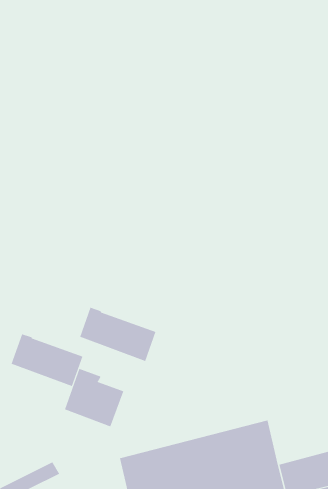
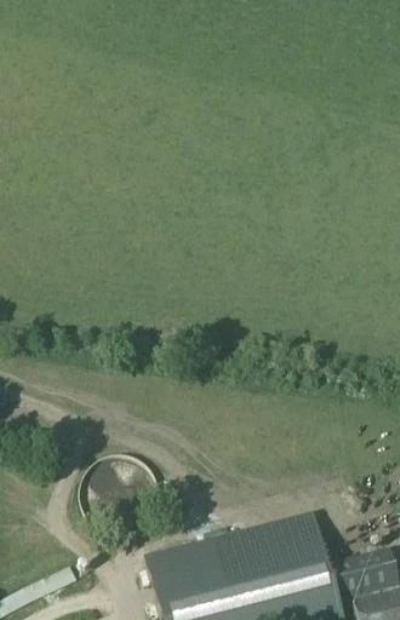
building: [79,307,156,362] -> none
building: [11,333,83,387] -> none

